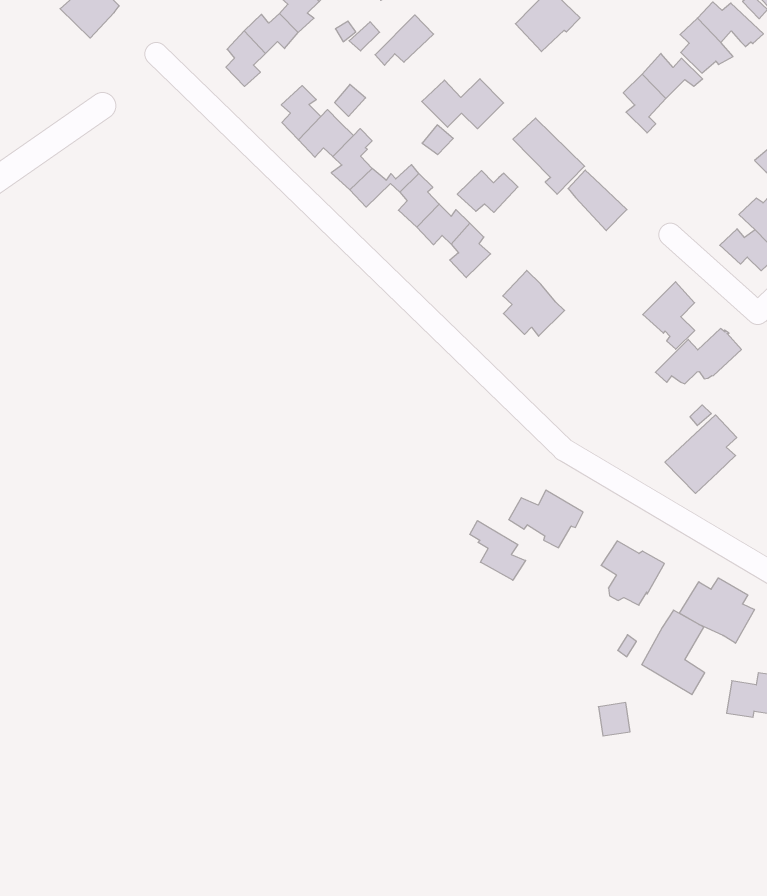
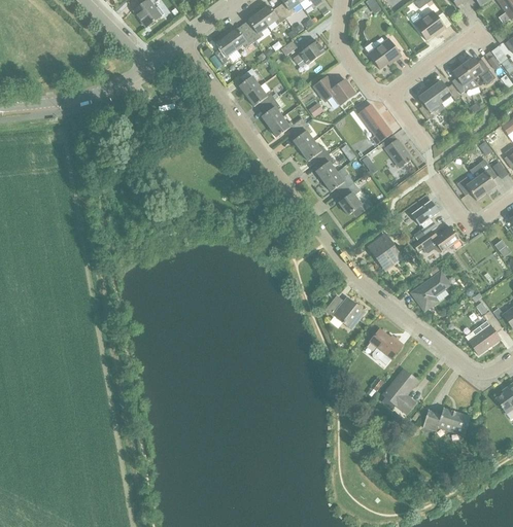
building: [457,171,518,212] -> [321,170,353,192]
building: none -> [369,235,400,268]
building: [470,521,526,580] -> none
building: [680,578,754,643] -> none

